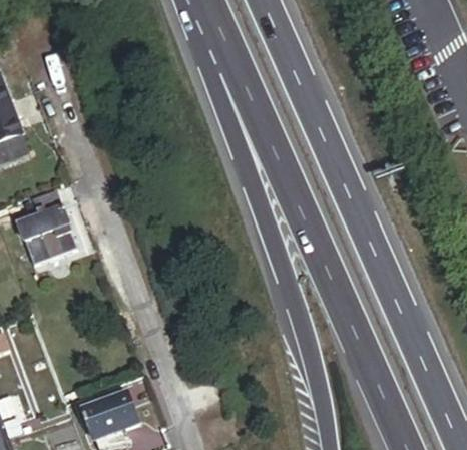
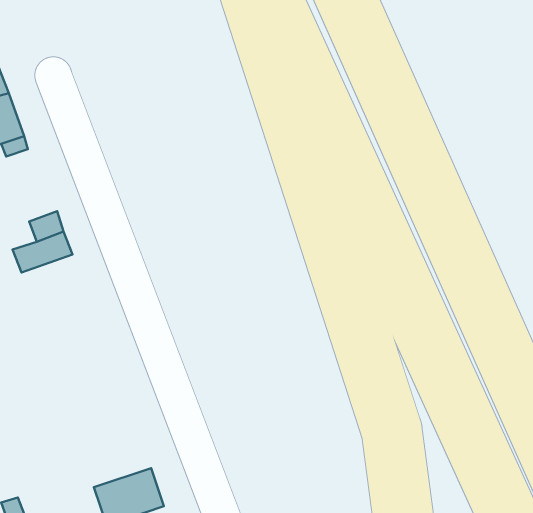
building: [23,226,71,263] -> none

